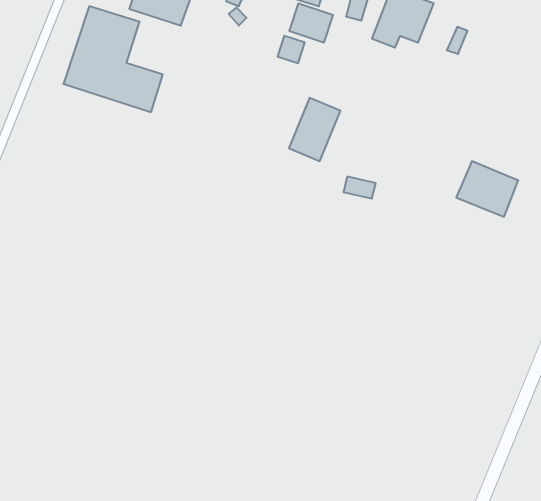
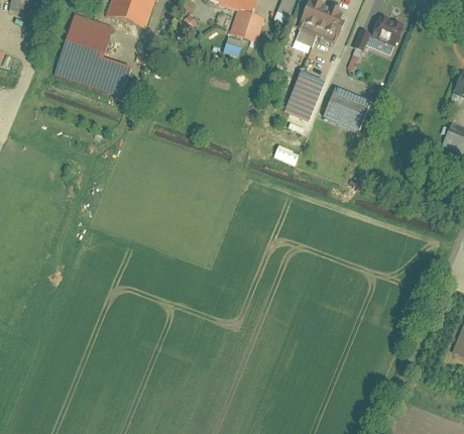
building: none -> [371,16,402,44]
building: [289,98,340,161] -> [283,71,324,120]
building: [456,161,518,217] -> [323,87,371,130]

